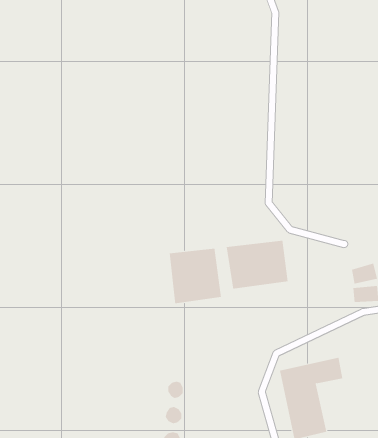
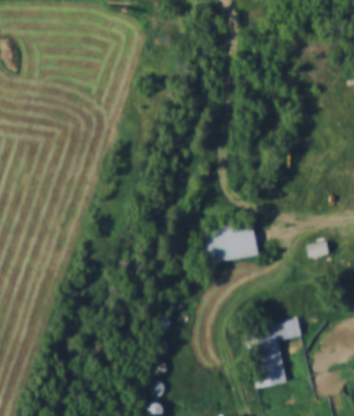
building: [169,248,221,304] -> none

